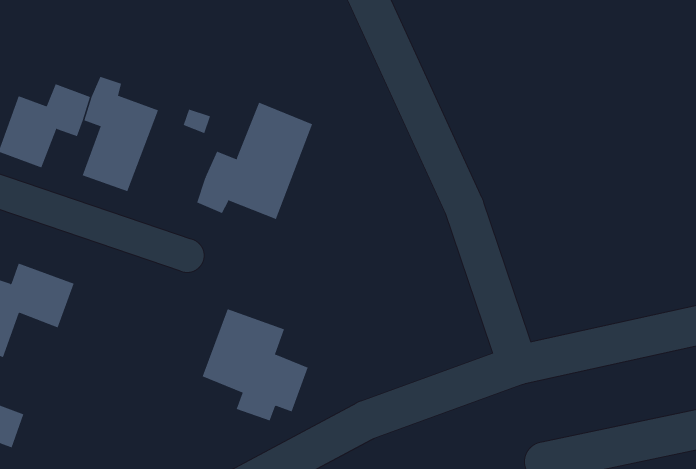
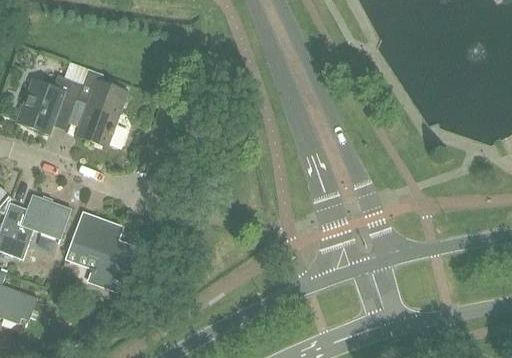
building: [196,102,313,220] -> none
building: [202,308,309,421] -> [66,212,138,288]

